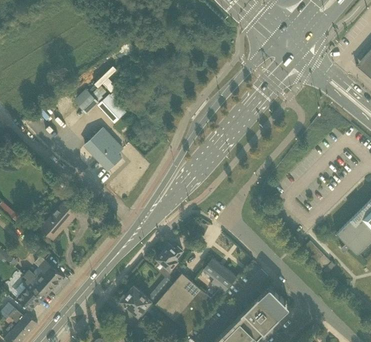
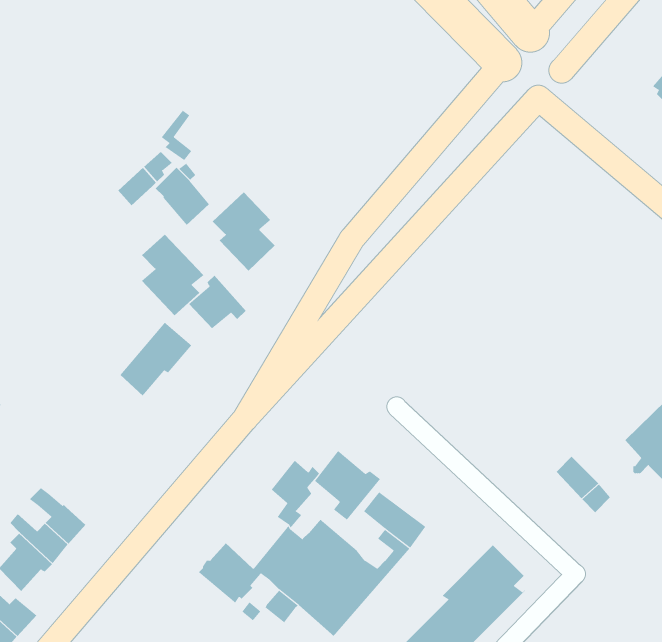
building: none -> [212,192,276,271]
building: none -> [188,275,247,329]
building: [41,202,78,240] -> [119,322,192,397]
building: none -> [314,450,381,520]

